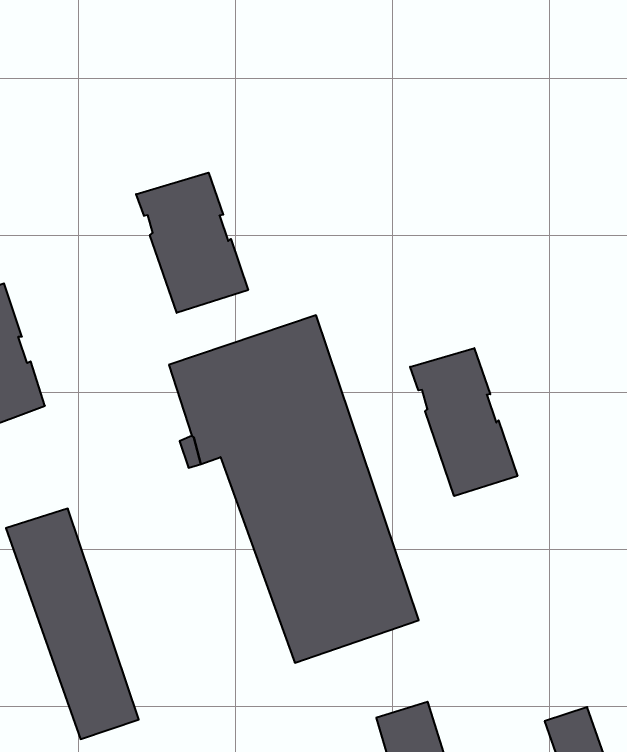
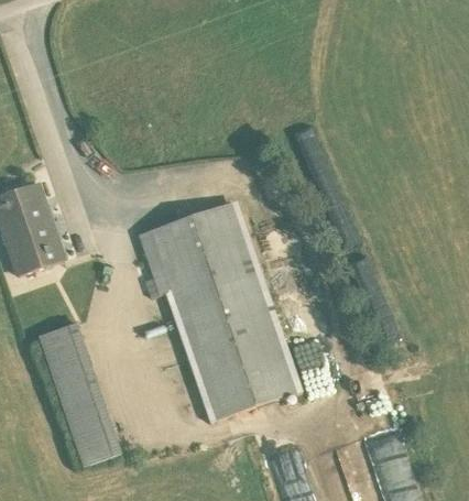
building: [136,173,248,313] -> none
building: [410,348,517,496] -> none

